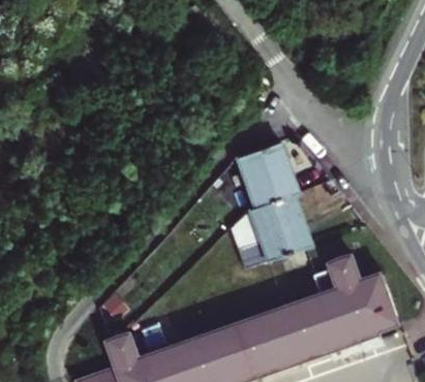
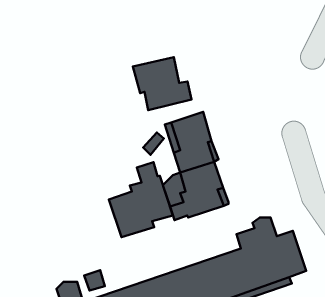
building: none -> [133,57,191,110]
building: none -> [109,162,173,237]

